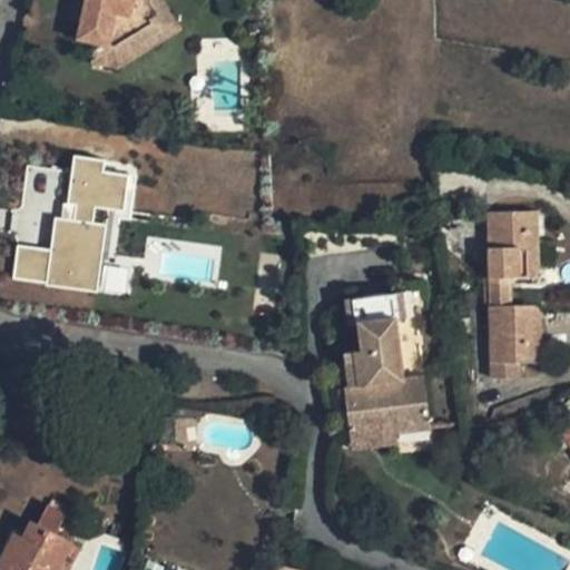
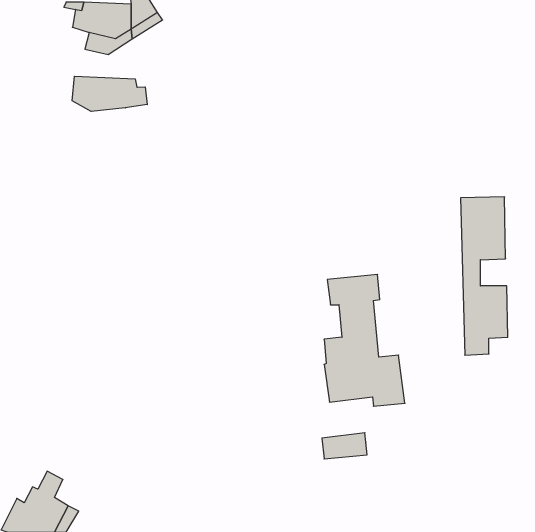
building: none -> [72,76,147,111]
building: [11,155,127,295] -> none
building: [350,422,397,450] -> [322,433,367,459]

